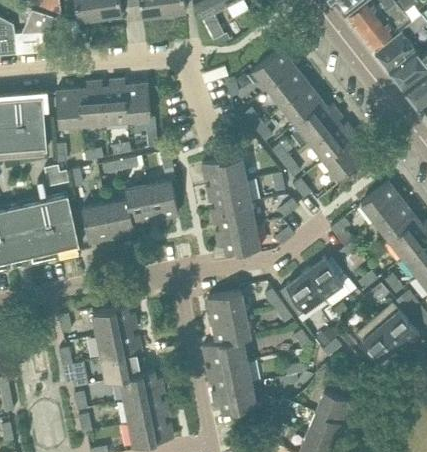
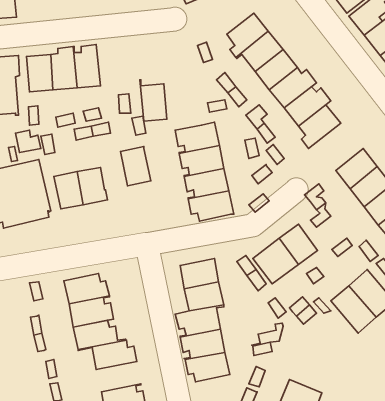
building: [124,80,151,121] -> [140,80,167,121]
building: [127,186,155,224] -> none
building: [315,391,356,425] -> none
building: [124,394,168,424] -> none

